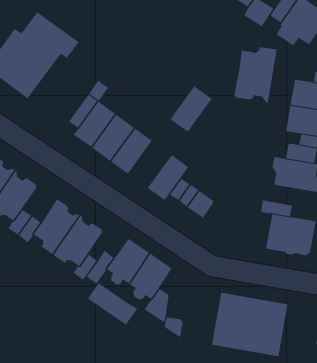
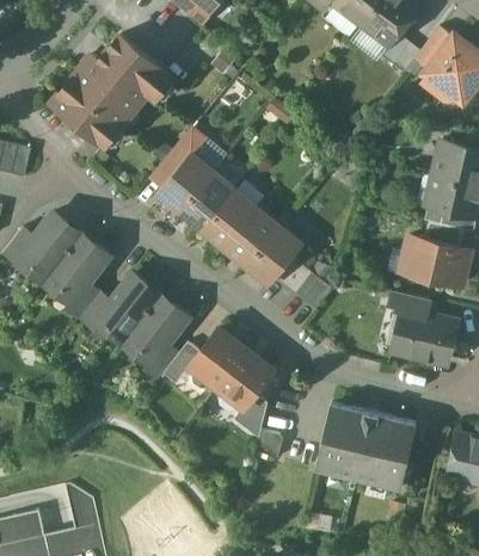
building: [234,46,277,103] -> none
building: [169,86,213,132] -> [223,208,280,266]
building: [87,282,138,326] -> none

